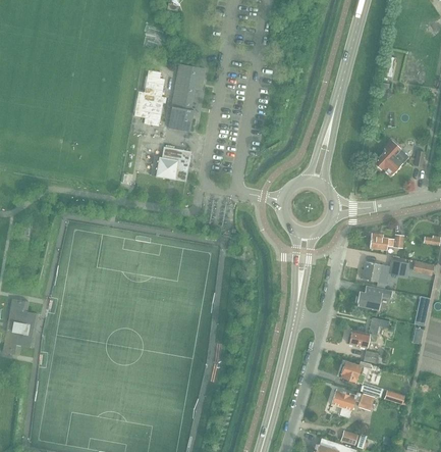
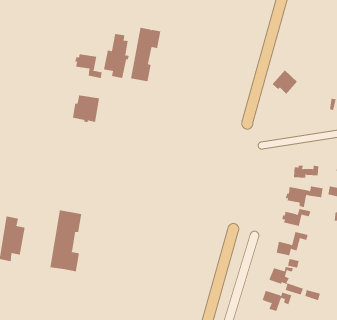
building: none -> [75,54,102,79]
building: [372,144,404,175] -> [272,69,298,95]
building: [154,145,188,180] -> [72,95,100,123]
building: none -> [50,210,82,272]

